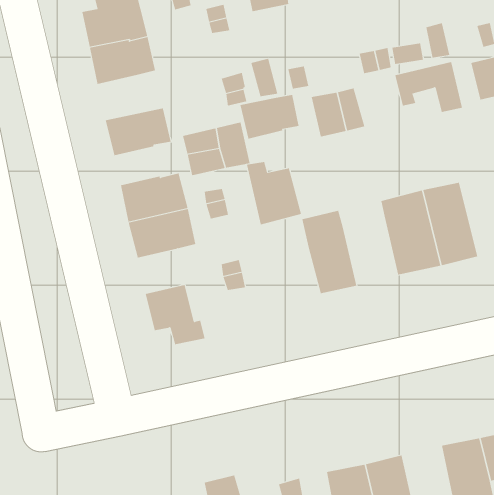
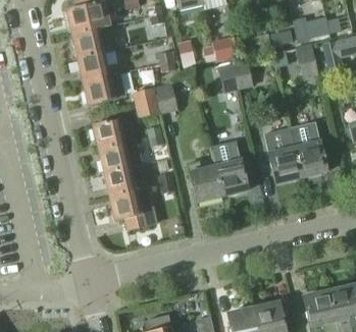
building: none -> [78,51,121,80]
building: [240,94,299,140] -> none
building: [246,162,302,225] -> [188,160,224,202]
building: none -> [104,165,136,195]

